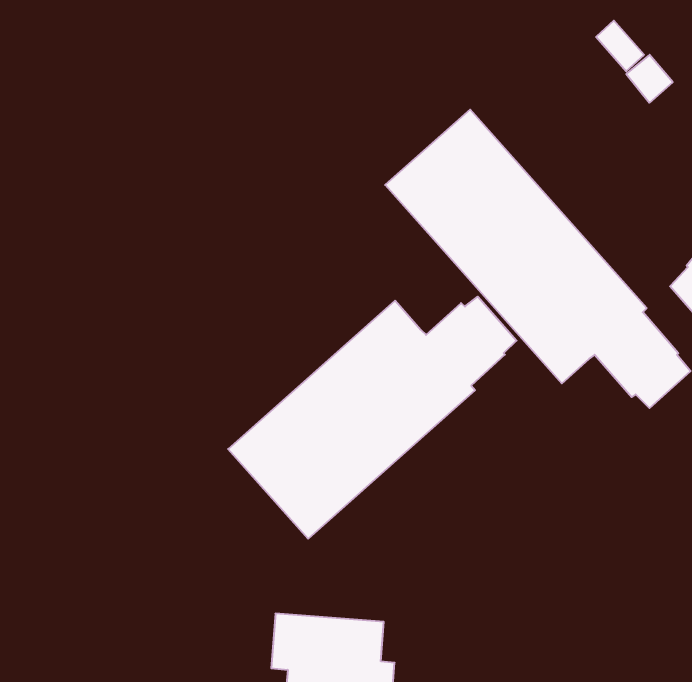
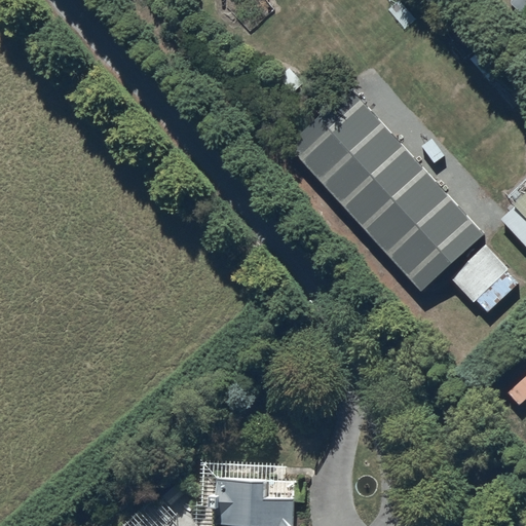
building: [228,297,517,539] -> none

